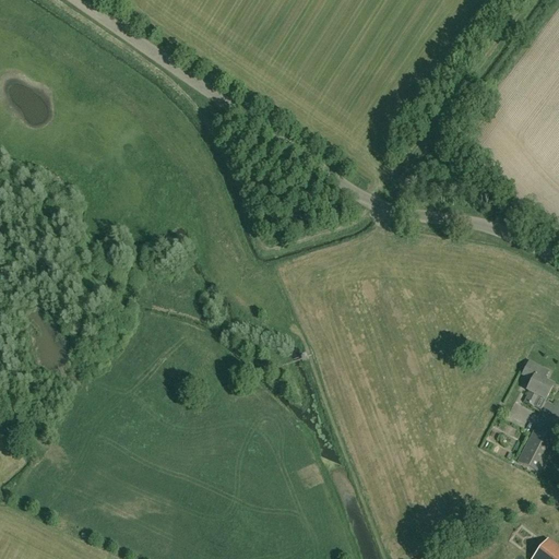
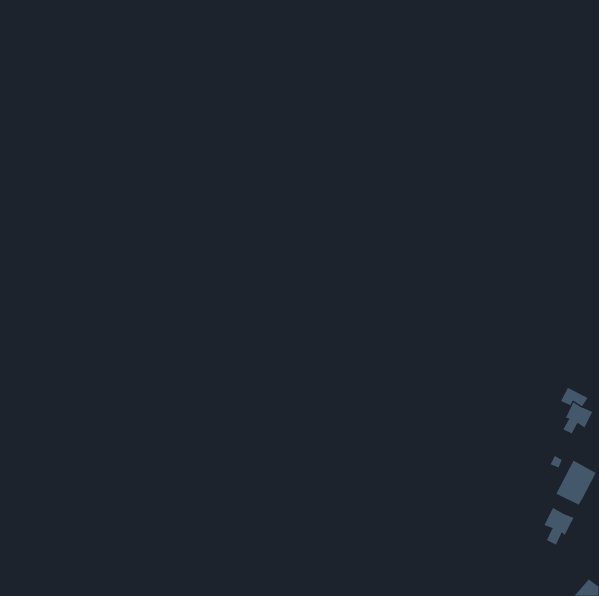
building: none -> [544,507,574,546]

